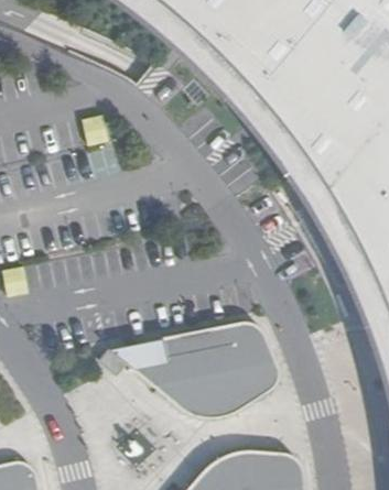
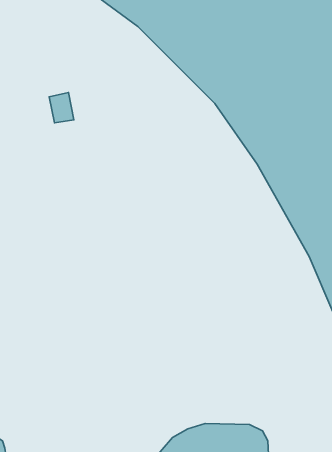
building: [111,318,280,417] -> none

